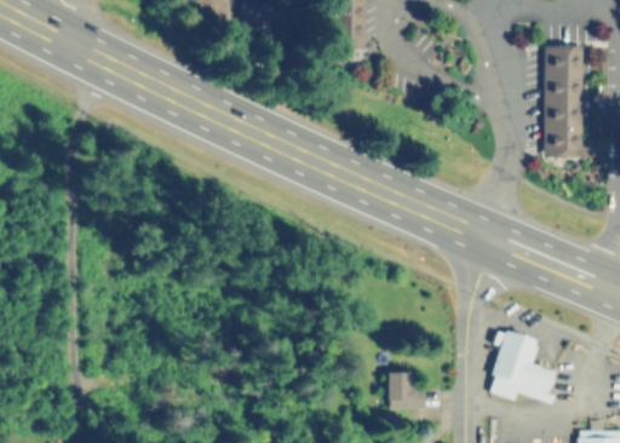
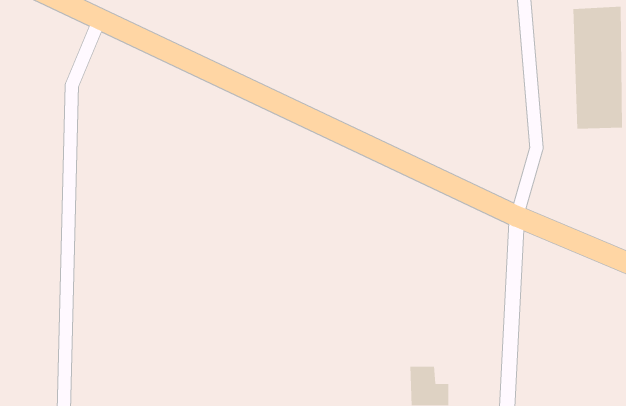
building: [492,334,556,404] -> none

